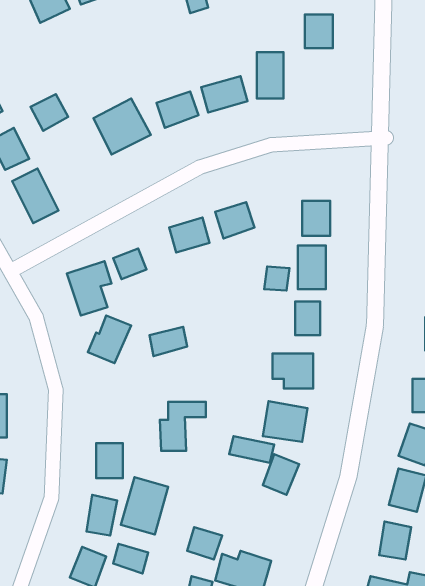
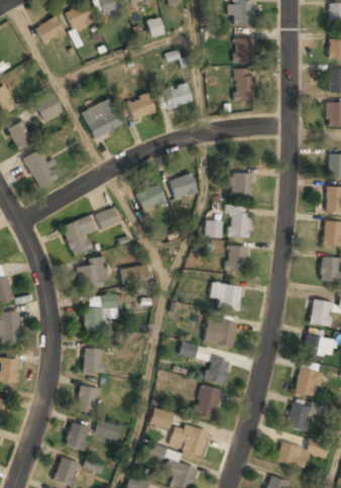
building: [257,52,283,99] -> [235,68,254,101]
building: [160,402,206,451] -> [84,297,117,332]
building: [121,477,168,535] -> none
building: none -> [193,384,222,421]

